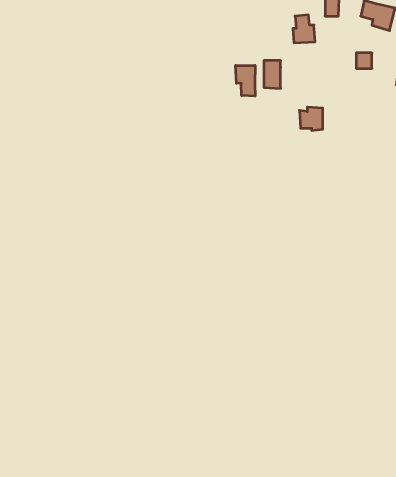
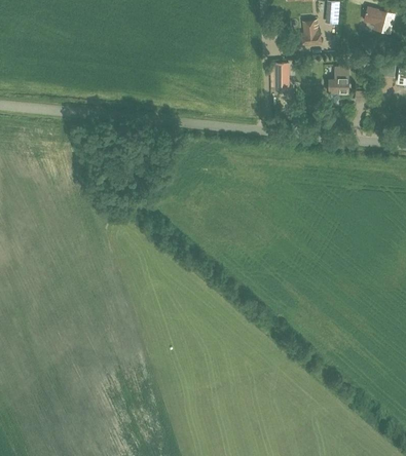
building: [236,65,255,96] -> none
building: [299,107,323,130] -> [327,74,348,96]

